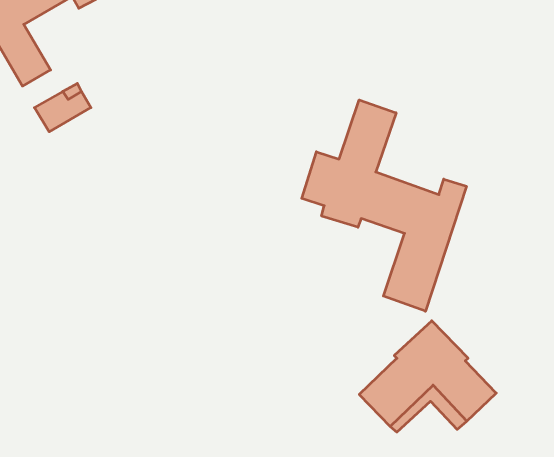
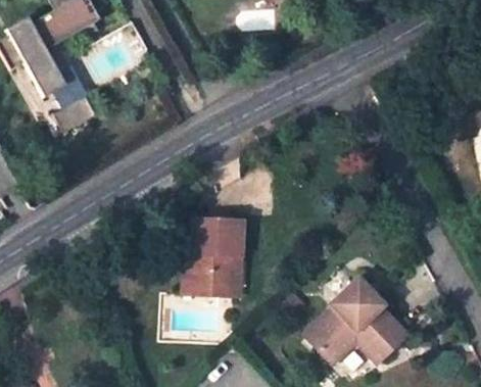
building: [302,100,466,311] -> none
building: none -> [182,217,242,294]

